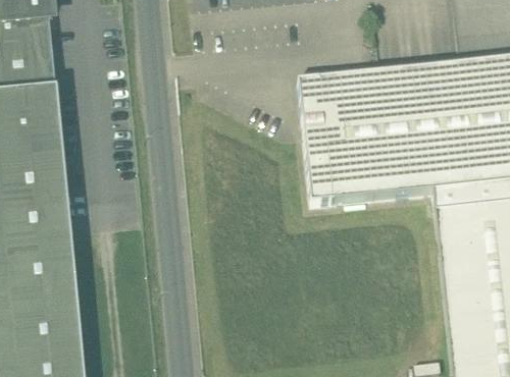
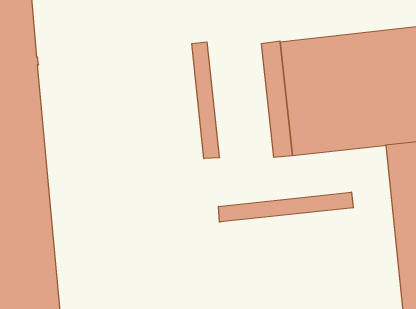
building: none -> [192,42,219,159]
building: none -> [219,192,353,222]

